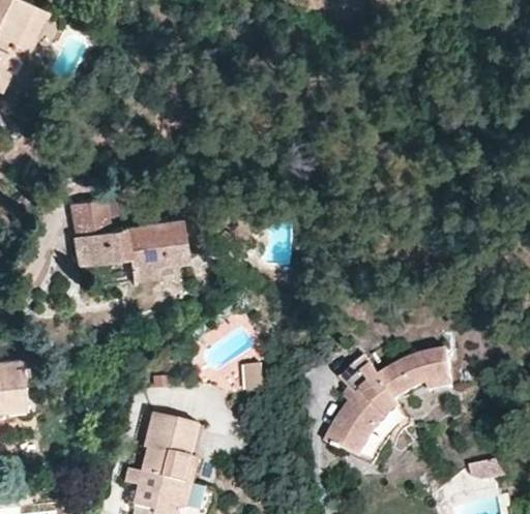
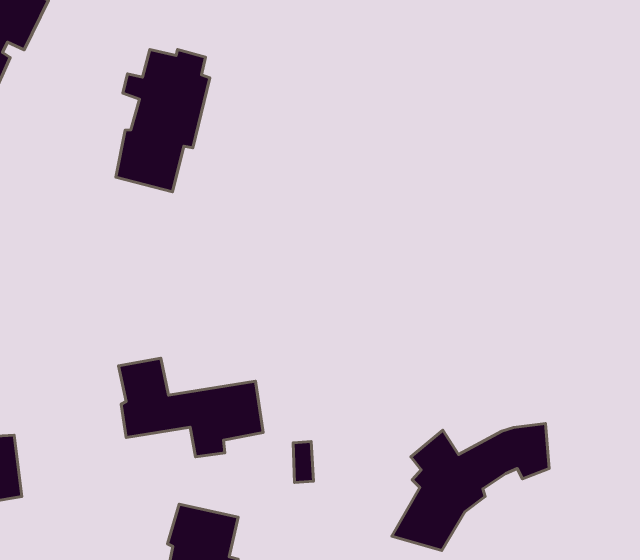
building: none -> [116,49,210,192]
building: [69,199,186,278] -> [119,358,263,457]

